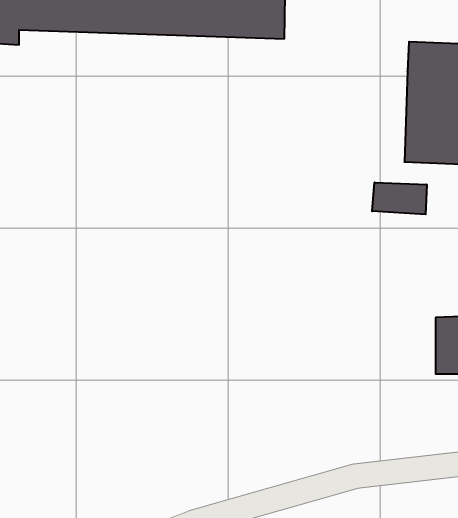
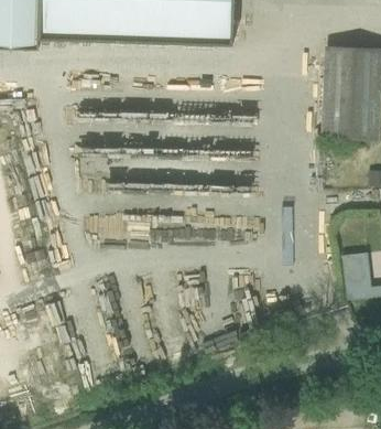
building: [372,182,427,214] -> none

